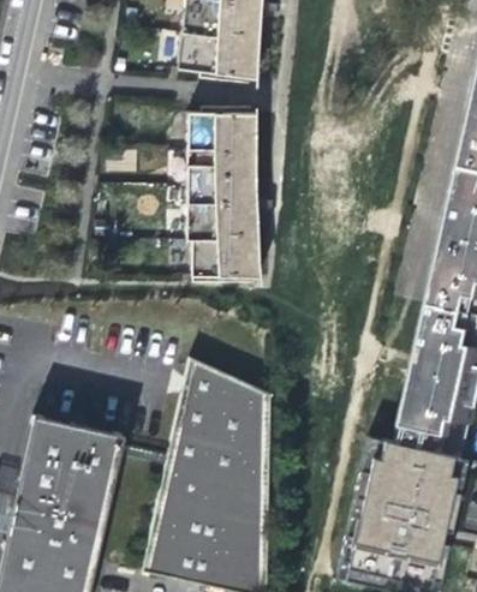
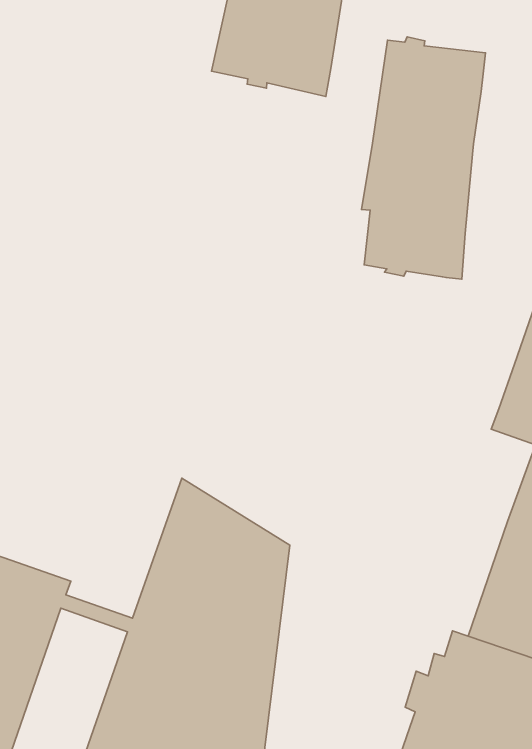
building: [186,116,260,279] -> [361,37,485,279]

